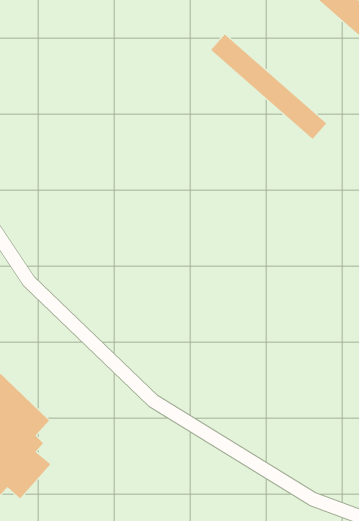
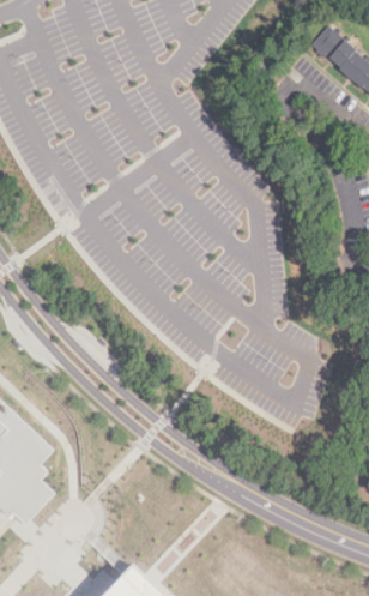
building: [210,34,327,140] -> none

